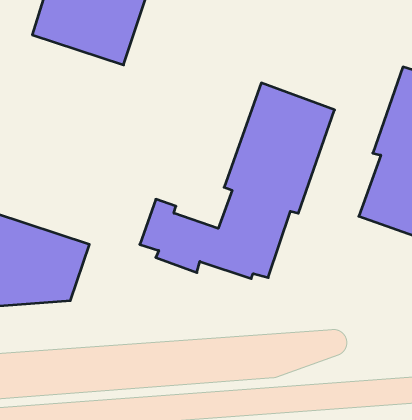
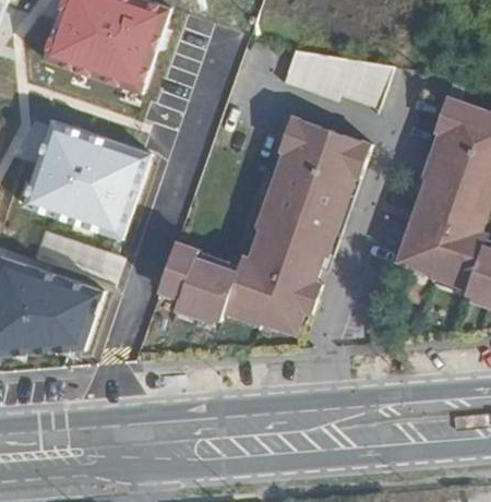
building: none -> [284,48,393,106]
building: none -> [21,119,154,242]

